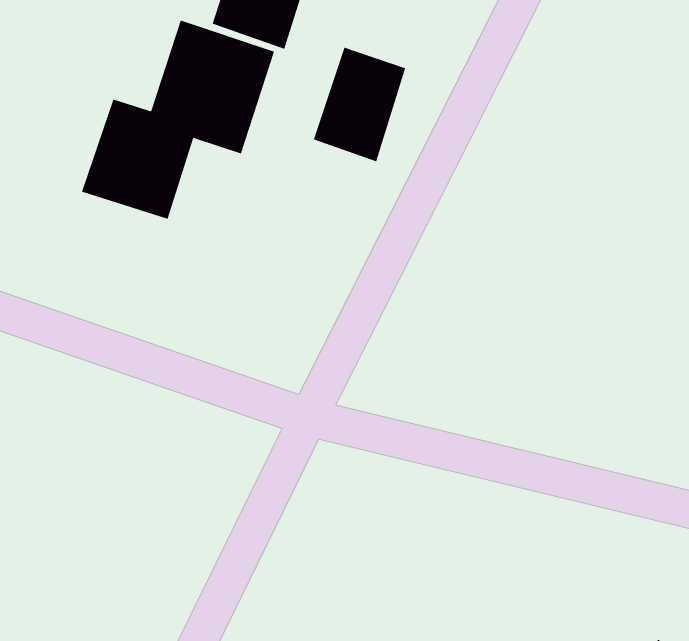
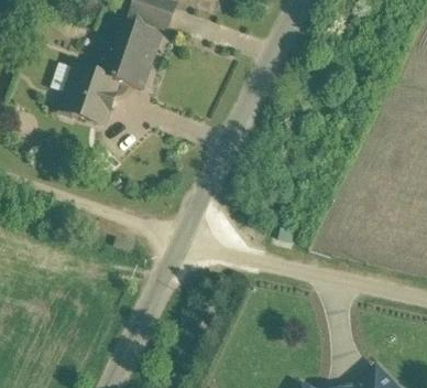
building: [313,47,406,162] -> none

